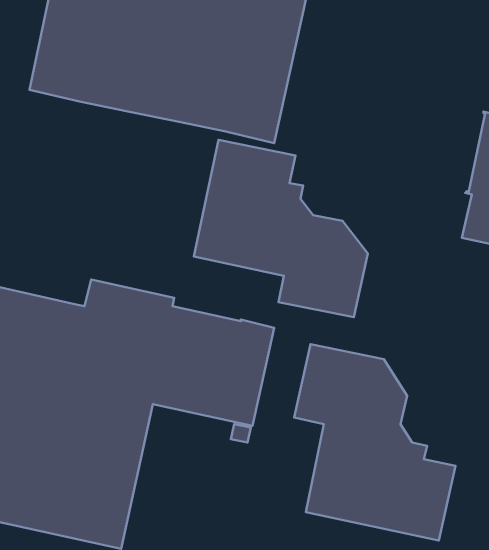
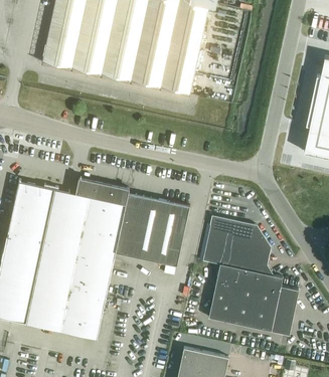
building: [194,140,368,317] -> none

